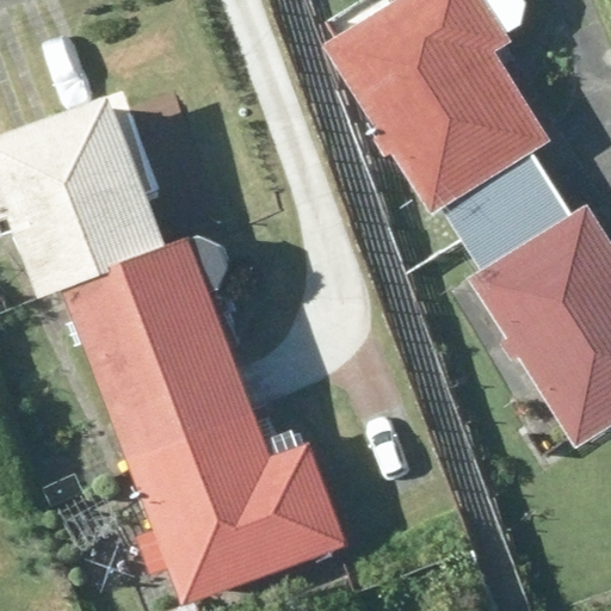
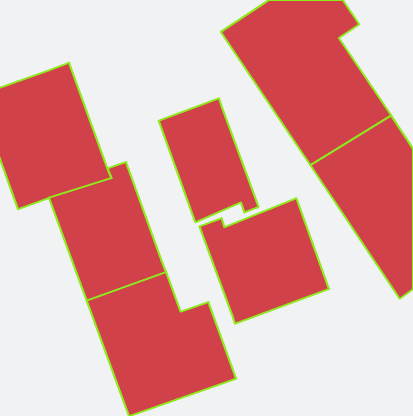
building: none -> [159,98,258,222]
building: none -> [200,198,329,324]

